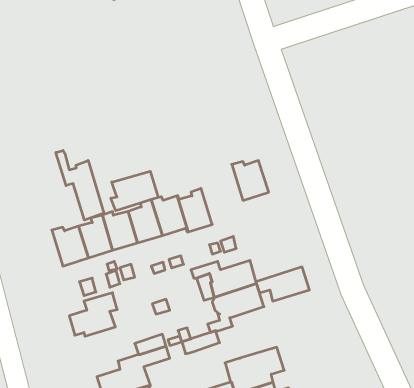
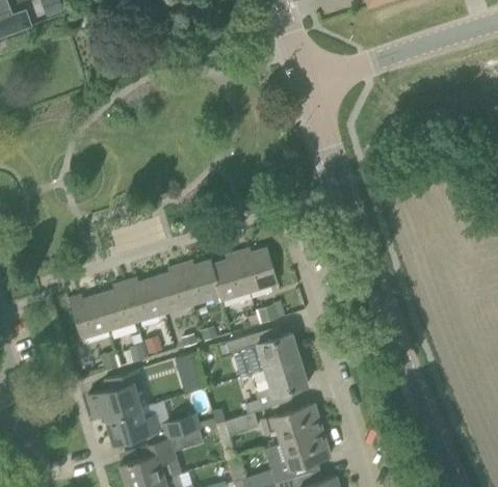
building: [56,150,104,220] -> none
building: [232,161,269,200] -> [237,247,279,292]
building: [111,171,158,211] -> none
building: [256,267,309,301] -> [262,404,322,442]
building: none -> [106,404,159,443]

